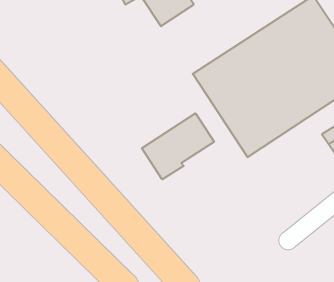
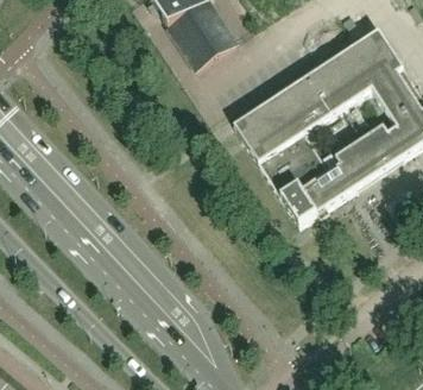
building: [142,113,214,179] -> none

